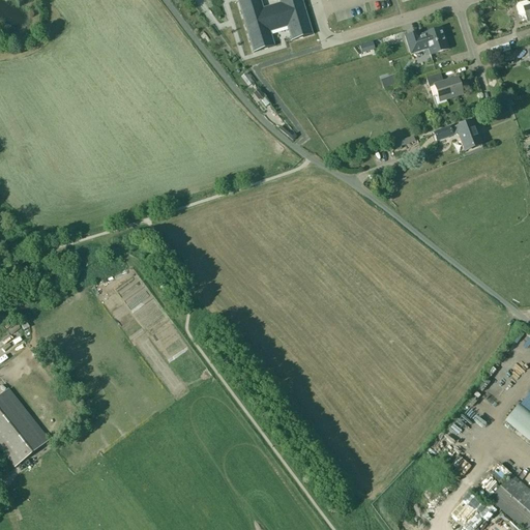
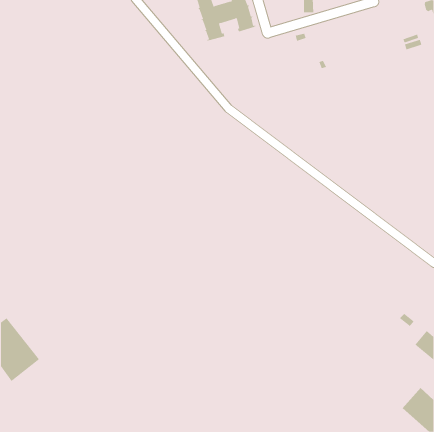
building: [404,27,448,54] -> none
building: [425,72,462,104] -> none
building: [433,119,480,149] -> none

